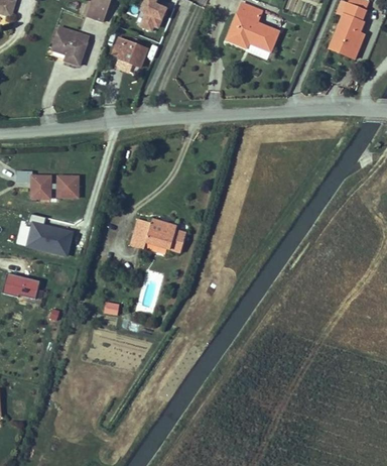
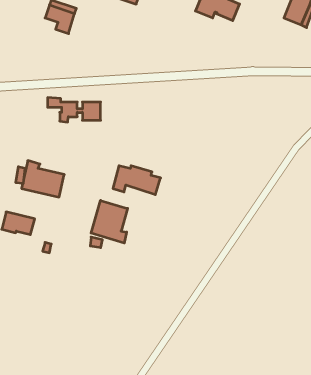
building: [113,37,147,67] -> none
building: [17,170,79,199] -> [48,98,101,122]
building: none -> [91,200,128,243]

